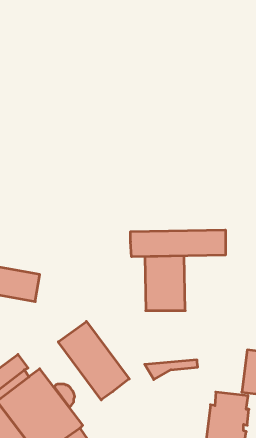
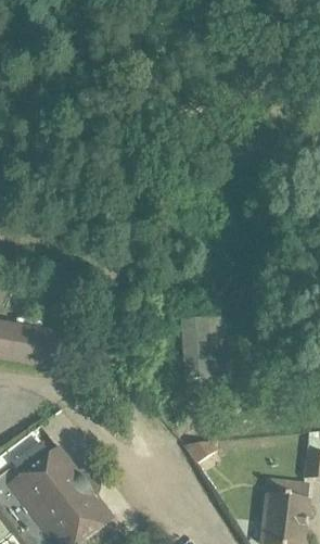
building: [131,230,225,257] -> none
building: [58,321,129,400] -> none

